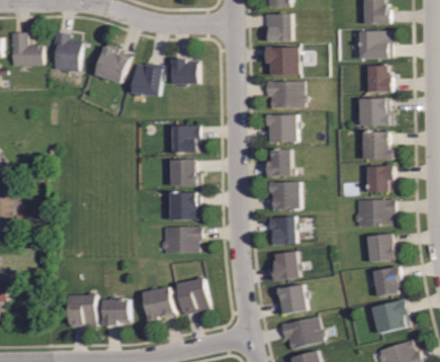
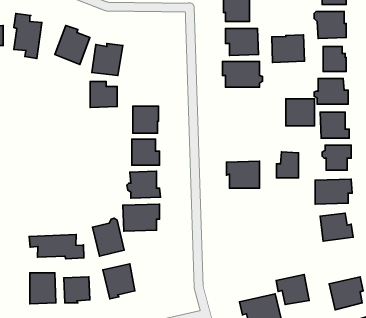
building: none -> [272,35,304,62]
building: [172,58,199,84] -> [90,82,117,107]
building: [268,114,297,142] -> [286,99,315,126]
building: [269,149,291,175] -> [277,152,299,178]
building: [270,215,297,244] -> none
building: [273,252,301,280] -> none
building: none -> [29,235,84,259]
building: [375,267,403,296] -> none
building: [177,276,209,314] -> [92,218,124,256]
building: [275,284,309,314] -> [276,274,309,304]

